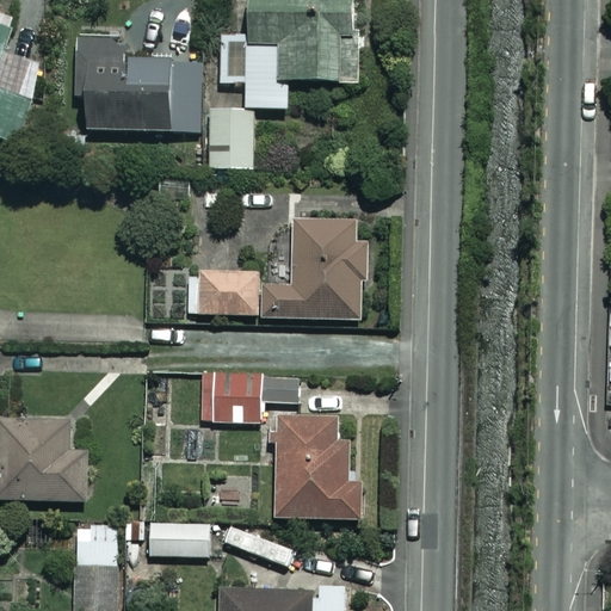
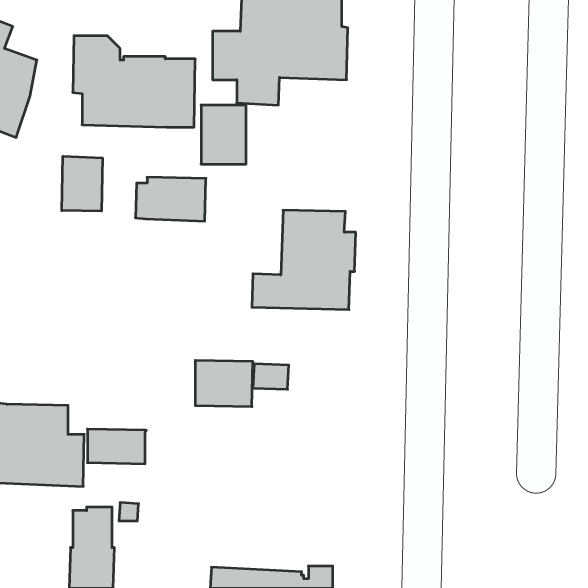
building: none -> [62,156,102,211]
building: [186,270,259,315] -> [135,177,206,221]
building: [269,415,362,519] -> none
building: [149,521,210,557] -> [87,429,146,464]

